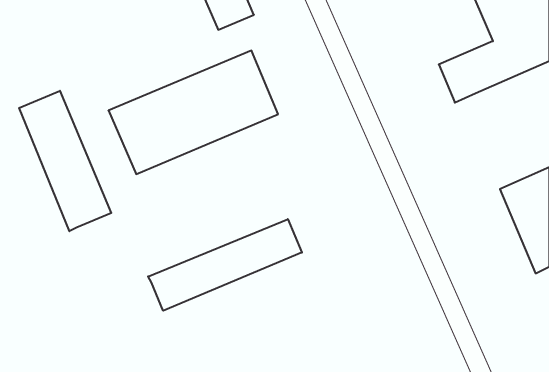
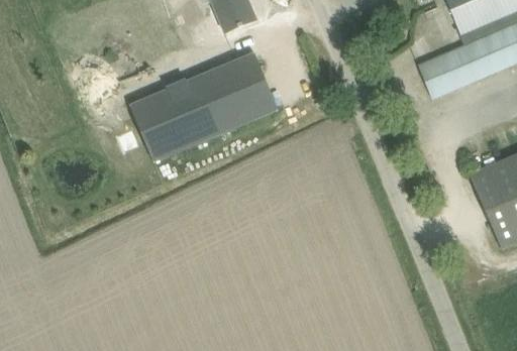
building: [19,91,111,231] -> none
building: [148,219,302,311] -> none

